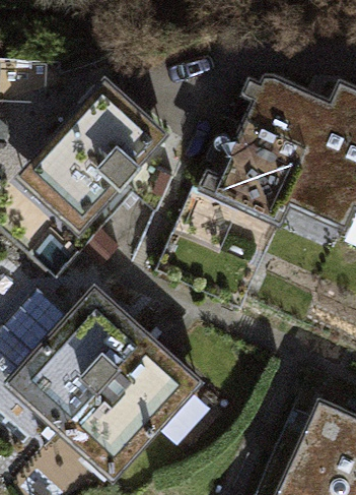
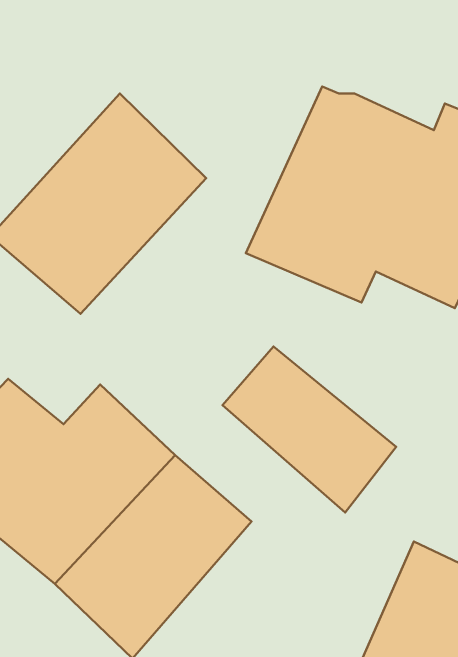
building: none -> [222,346,396,513]

